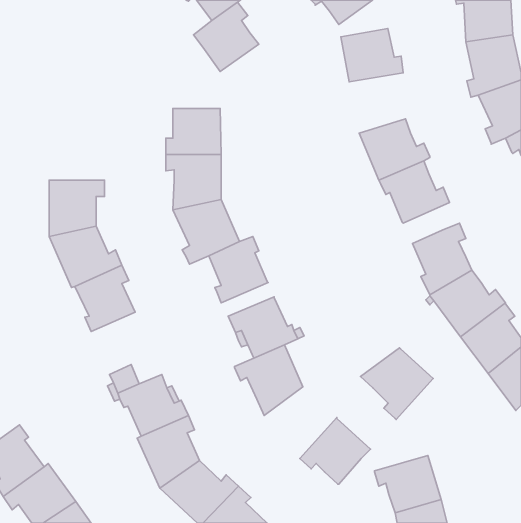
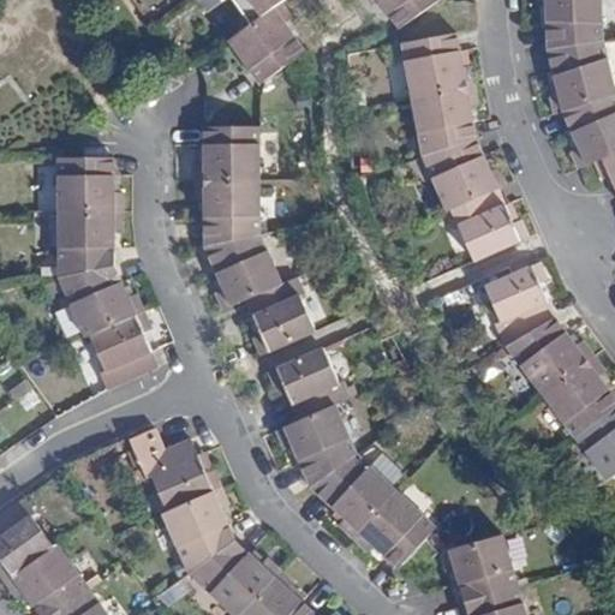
building: none -> [410,85,477,156]
building: none -> [56,157,123,211]
building: [360,348,433,420] -> [310,454,395,538]

